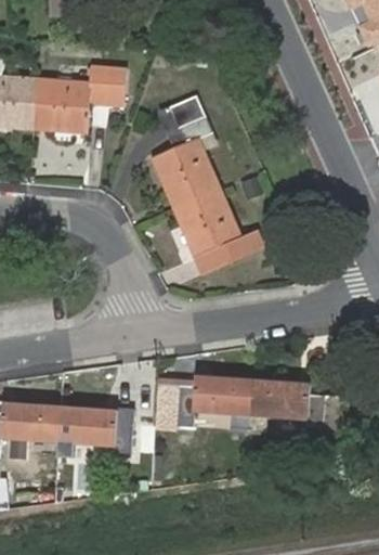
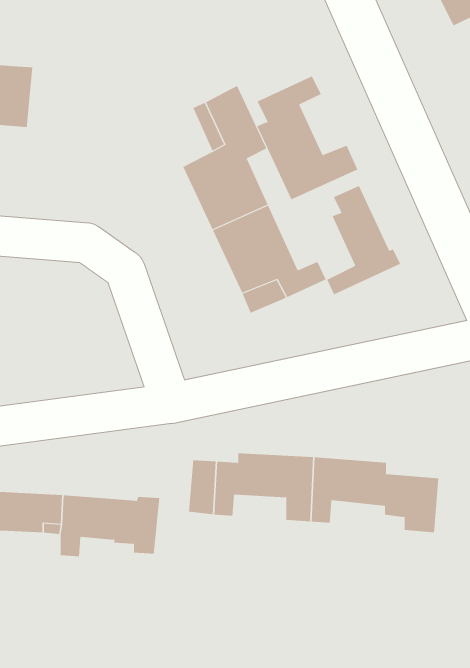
building: [32,66,126,130] -> none
building: none -> [256,75,358,200]
building: none -> [326,185,401,295]

